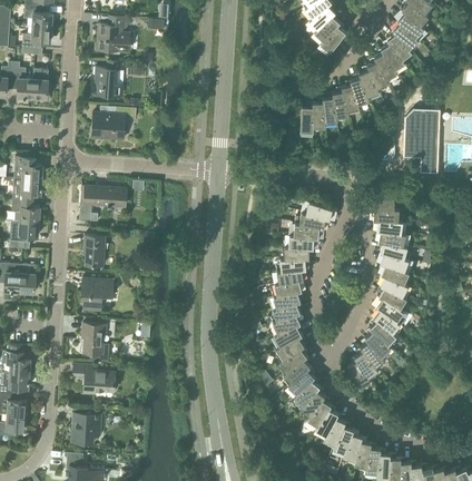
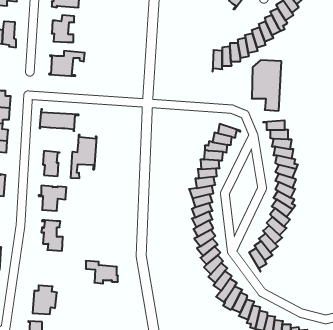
building: [403,109,441,174] -> [252,60,281,111]
building: none -> [71,135,96,178]
building: [73,366,115,395] -> [86,261,118,284]

